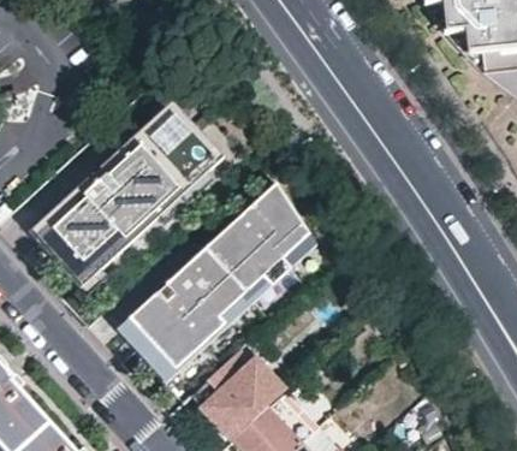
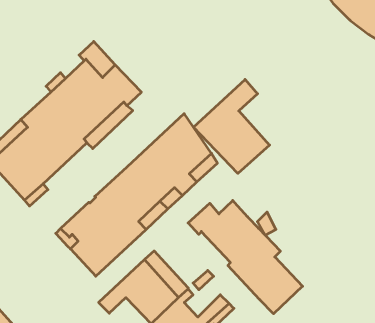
building: none -> [193,79,270,173]
building: none -> [188,200,303,314]

